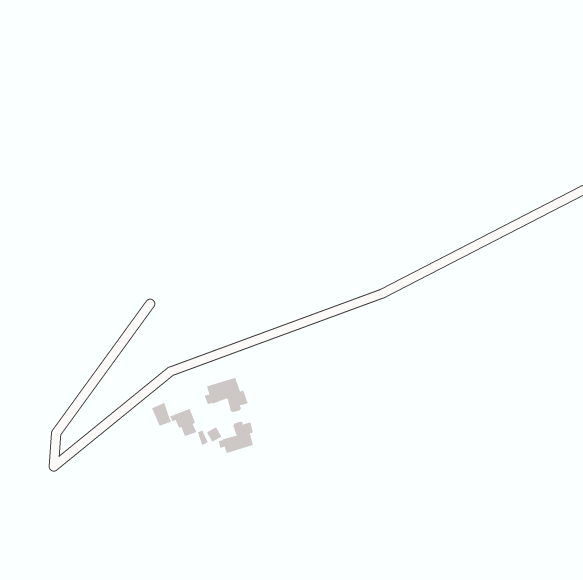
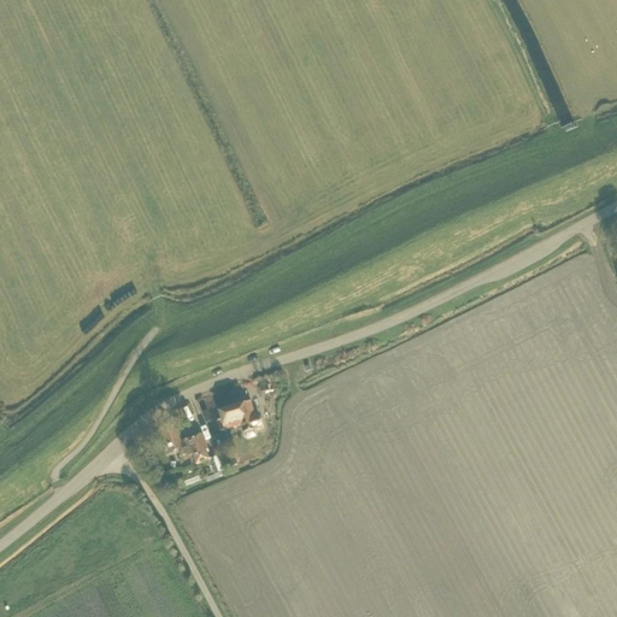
building: [218,421,254,454] -> none

